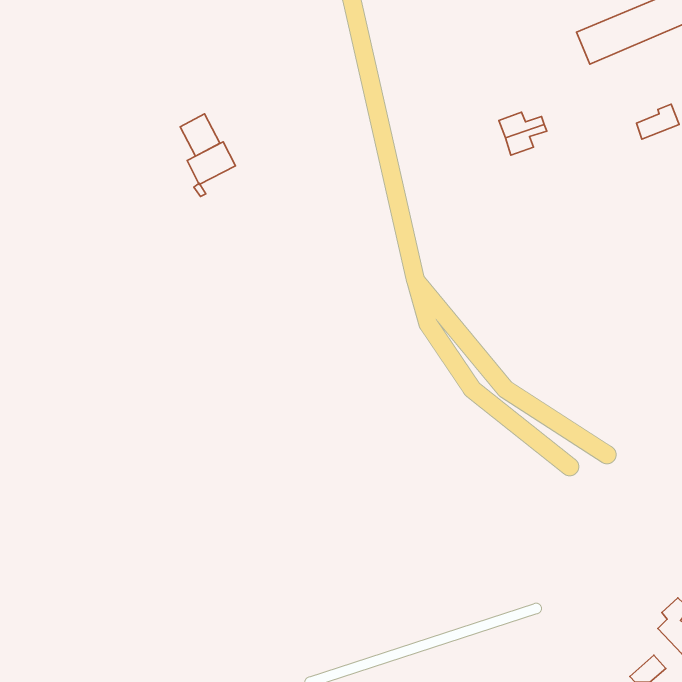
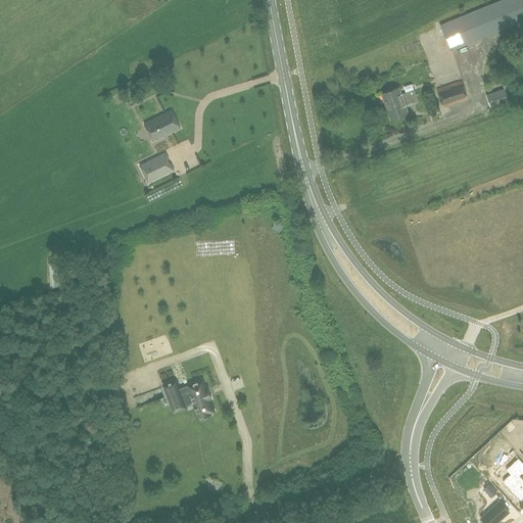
building: none -> [438,81,469,107]
building: [180,114,220,156] -> none
building: none -> [143,152,175,182]
building: none -> [164,380,215,418]

